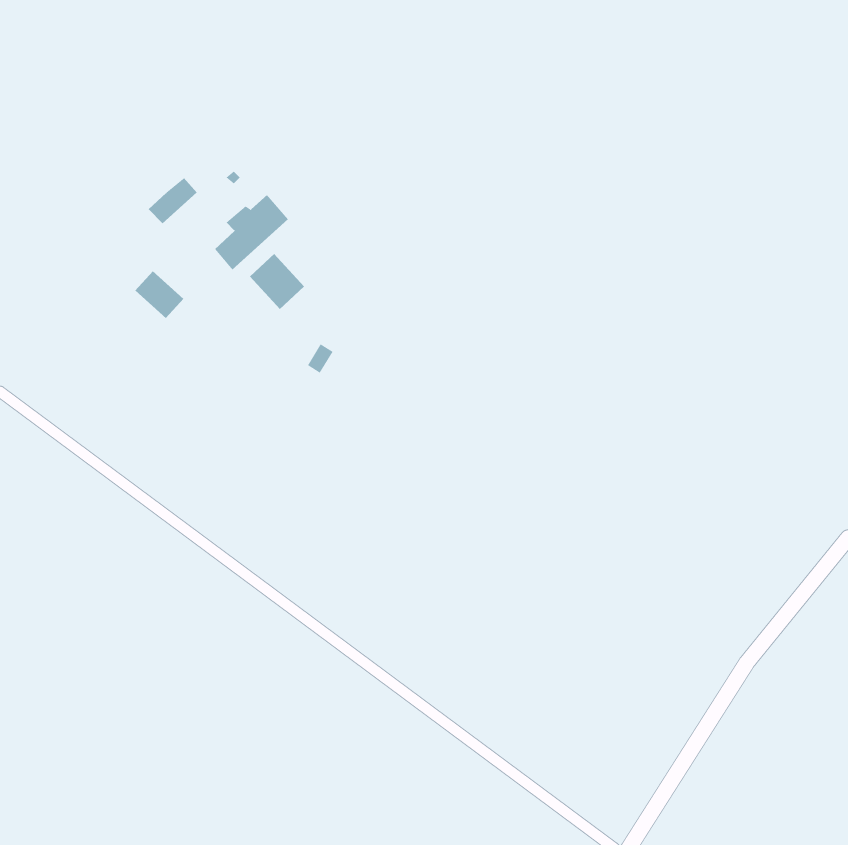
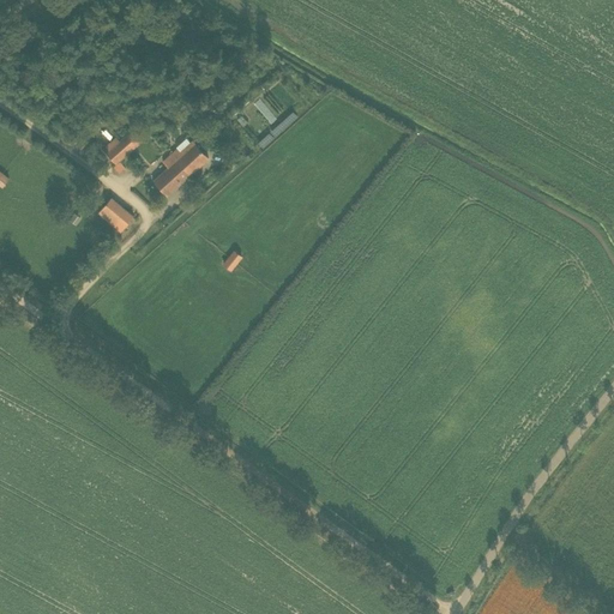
building: [249,253,305,310] -> none

